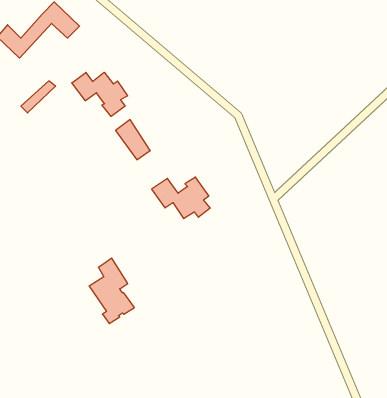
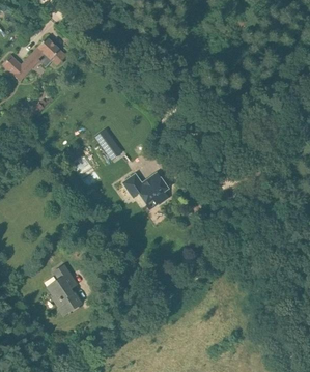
building: [72,72,128,116] -> none
building: [89,258,134,324] -> [47,264,82,315]

